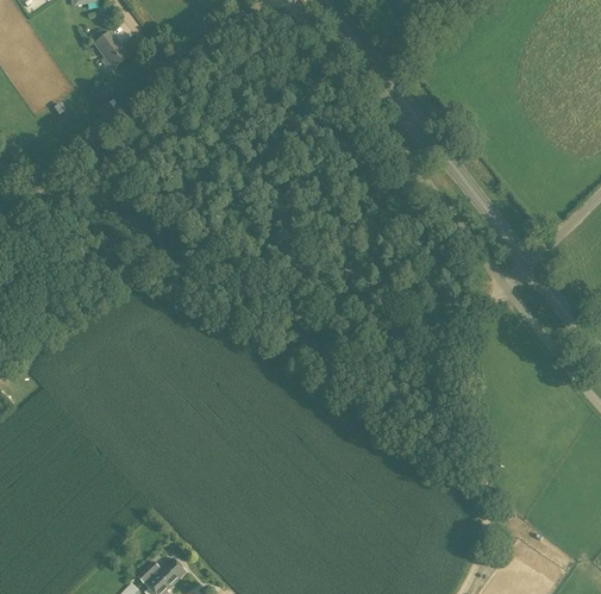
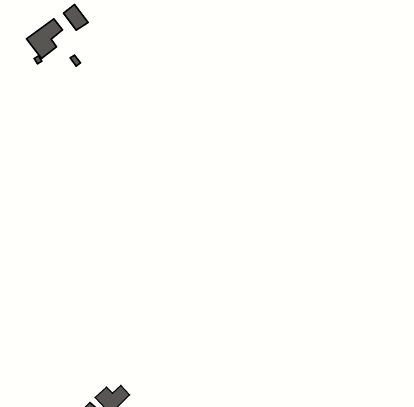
building: none -> [26,19,63,59]

